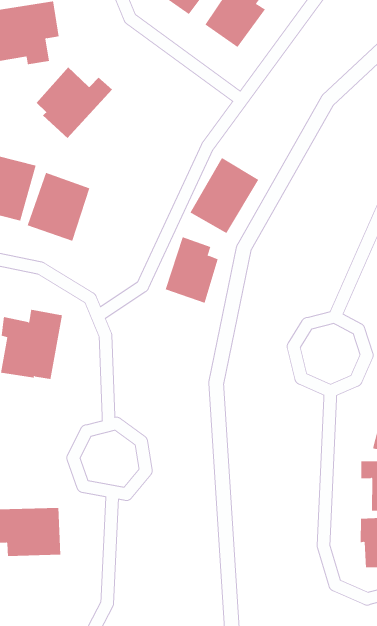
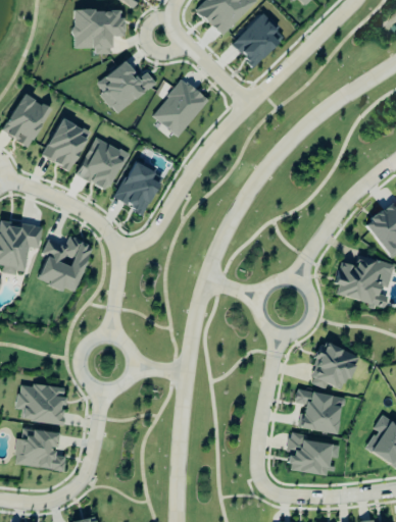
building: [190,157,259,234] -> [152,77,208,136]
building: [165,236,219,303] -> [115,160,159,213]
building: none -> [14,428,66,470]

